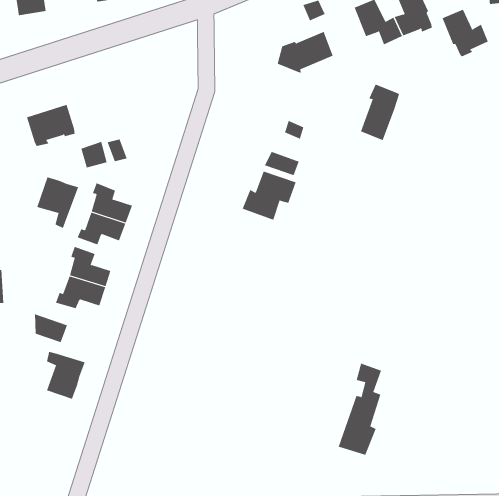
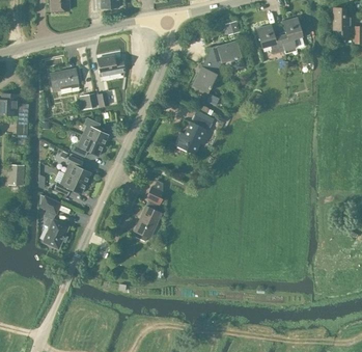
building: [442,9,488,57] -> none
building: none -> [96,56,123,76]
building: [360,84,400,141] -> [193,58,220,93]
building: [36,177,79,229] -> none
building: [338,363,382,456] -> [131,186,163,243]

